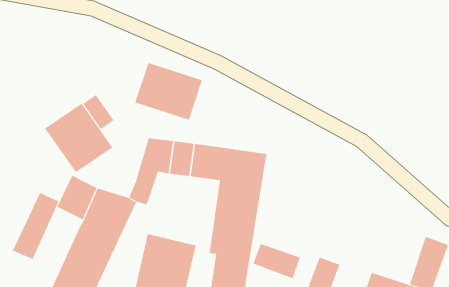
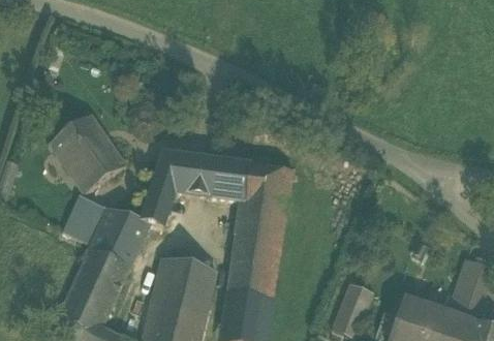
building: [135,62,203,120] -> none
building: [82,94,114,130] -> none
building: [12,192,59,260] -> none
building: [253,243,301,279] -> none

